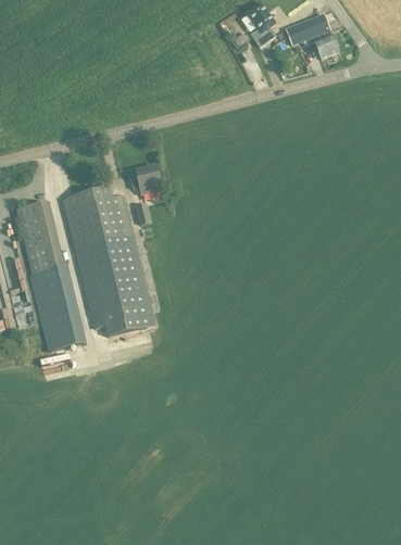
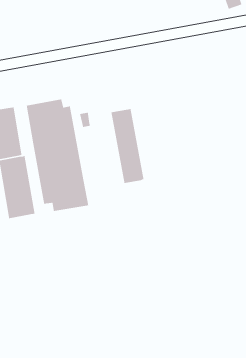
building: [129,164,161,194] -> none
building: none -> [111,108,144,184]

